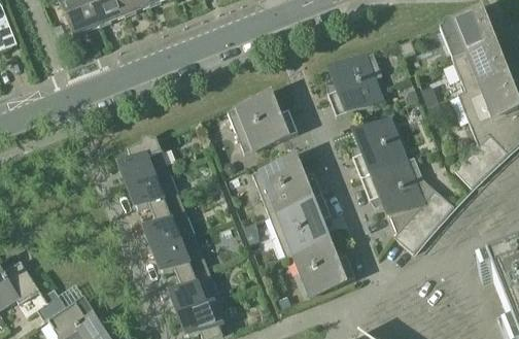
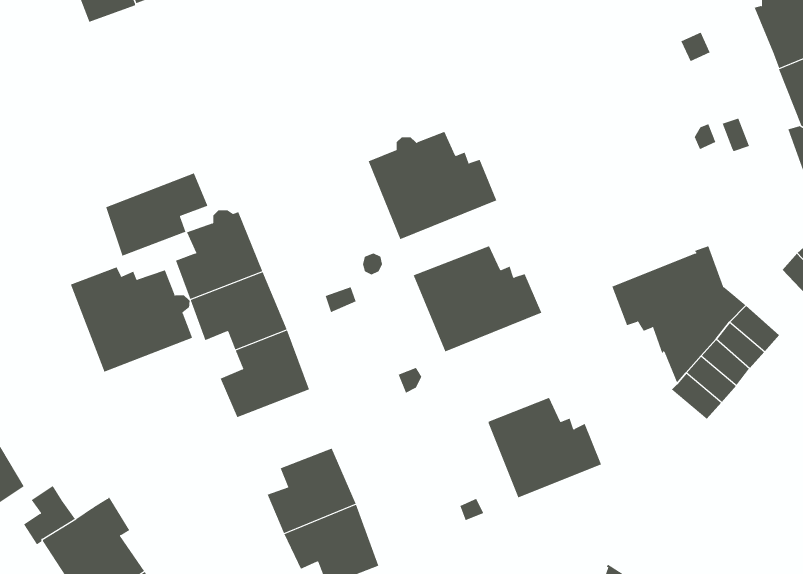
building: [326,52,382,115] -> none
building: none -> [106,173,208,257]
building: [352,117,407,178] -> none
building: none -> [70,266,193,372]
building: [269,193,331,257] -> none
building: [154,235,207,278] -> none

